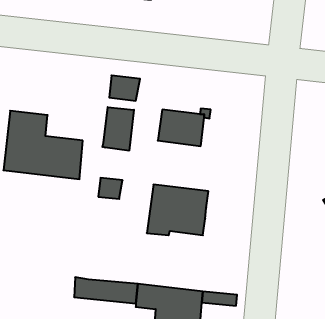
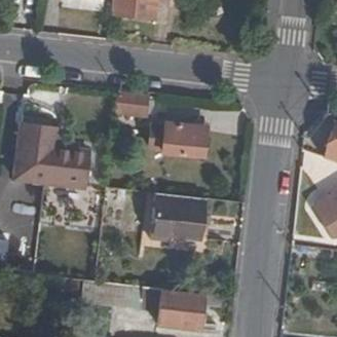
building: [102,107,134,151] -> none

